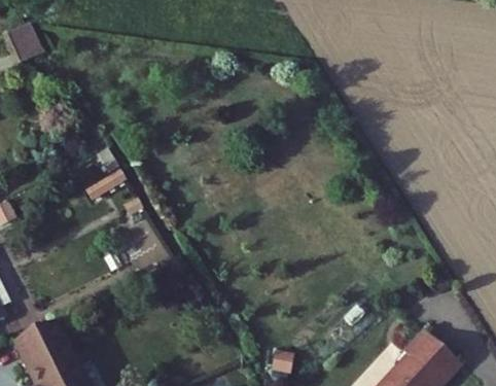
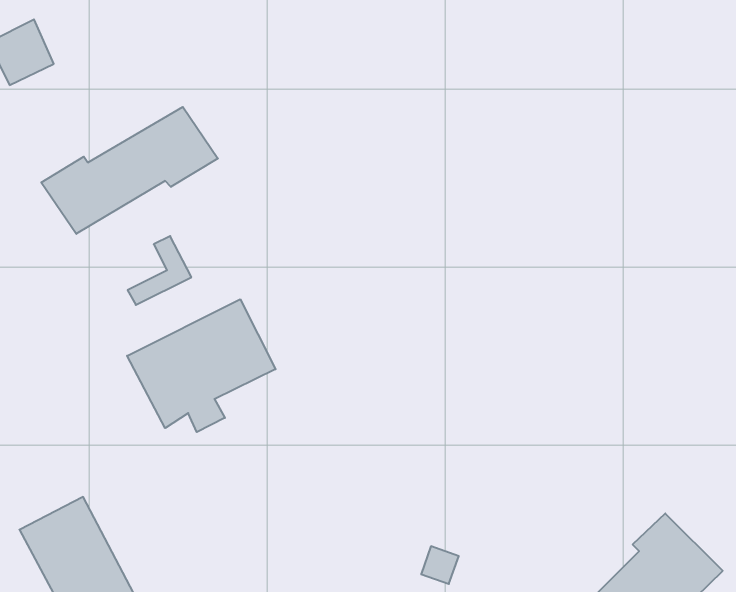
building: none -> [41,107,218,234]
building: none -> [127,299,276,432]

